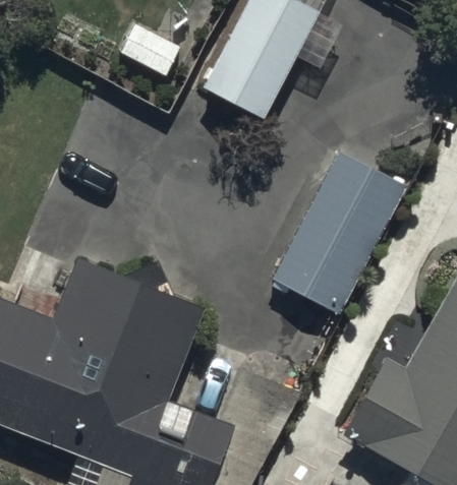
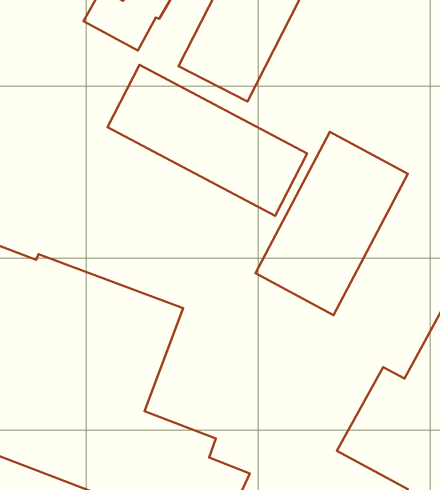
building: none -> [107,65,307,216]

